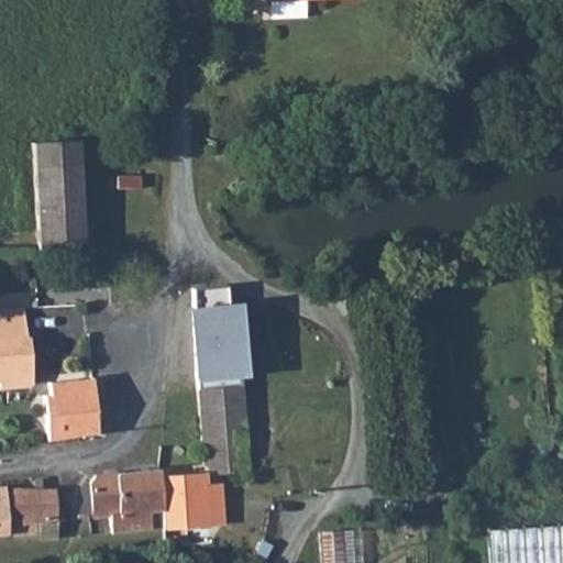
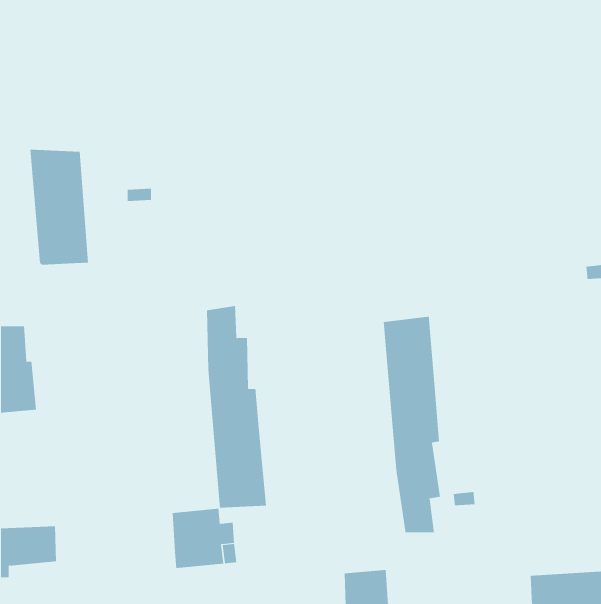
building: none -> [383,316,440,533]
building: [45,377,98,441] -> none
building: [93,467,166,537] -> none

